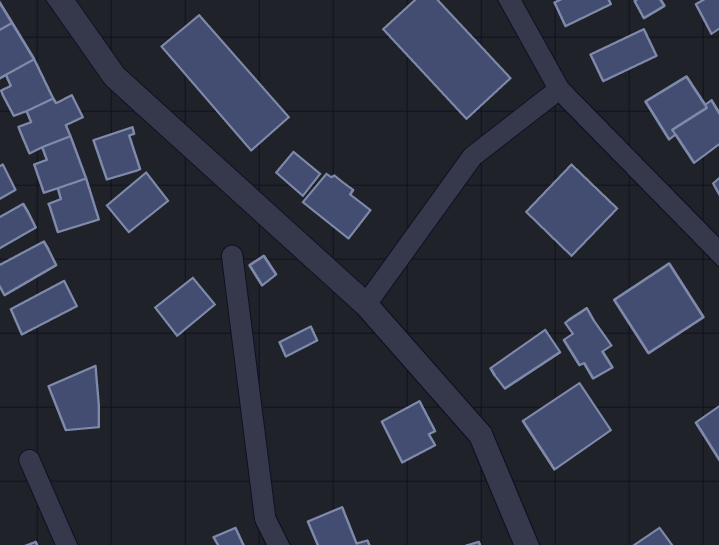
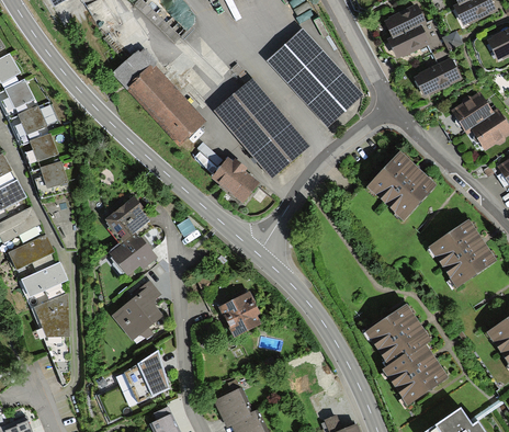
building: none -> [215,79,309,178]
building: [93,127,140,180] -> none
building: [107,173,168,232] -> [104,196,147,238]
building: [564,308,613,379] -> none
building: none -> [22,262,68,297]
building: [490,330,560,389] -> none
building: none -> [111,280,160,342]
building: [382,401,435,462] -> [220,291,258,333]
building: none -> [384,342,445,402]
building: none -> [124,350,168,401]

